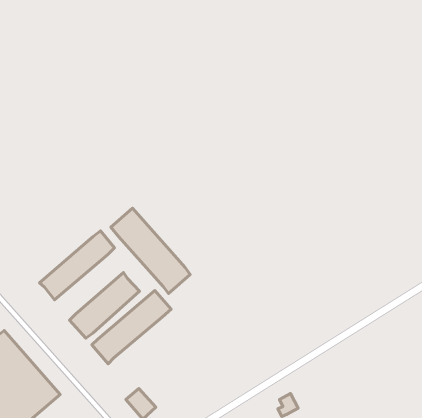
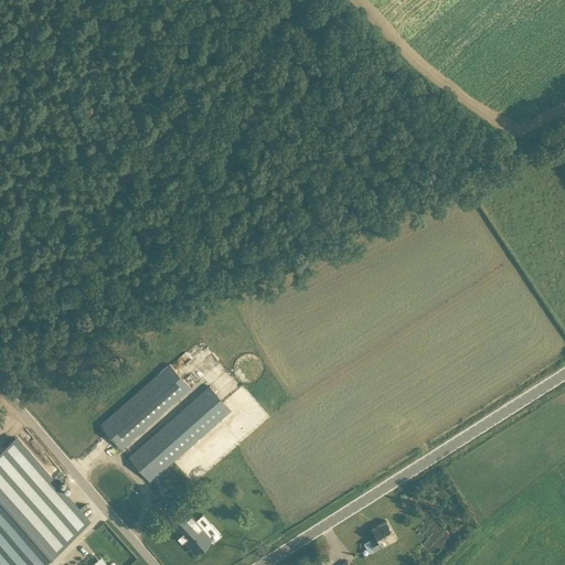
building: [111,208,190,294] -> none
building: [39,231,115,300] -> none

